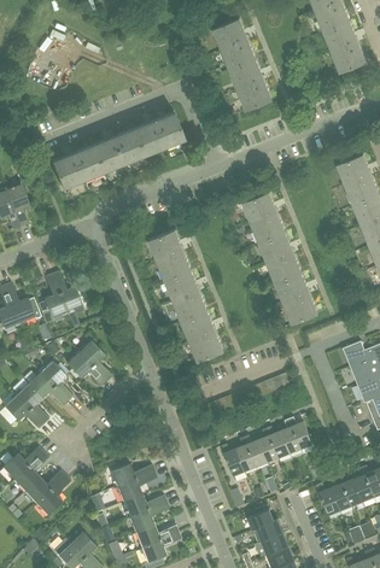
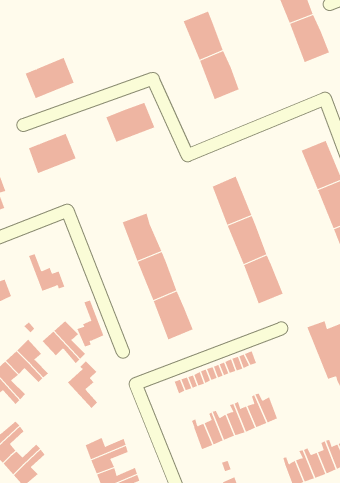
building: [90,129,142,172] -> [25,57,74,99]
building: [36,274,65,323] -> [77,300,104,347]
building: none -> [67,360,98,409]

